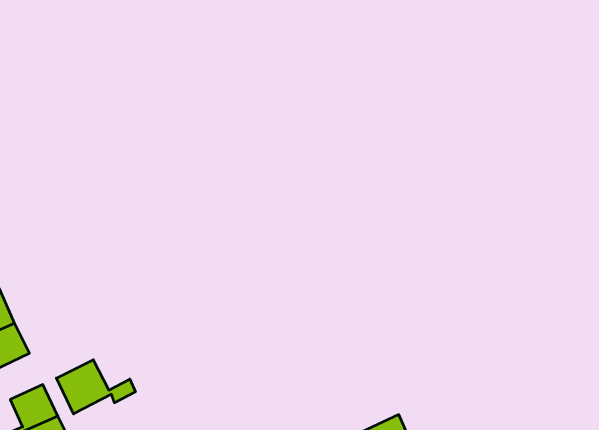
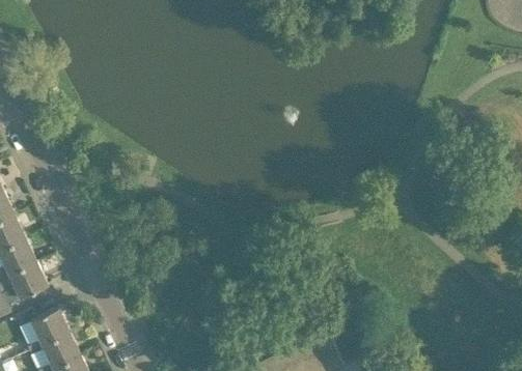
building: [56,360,135,414] -> none

